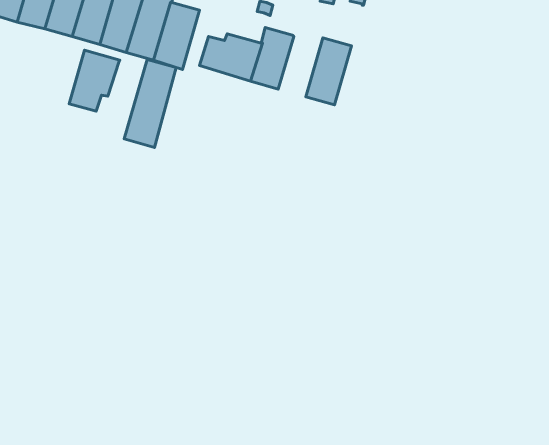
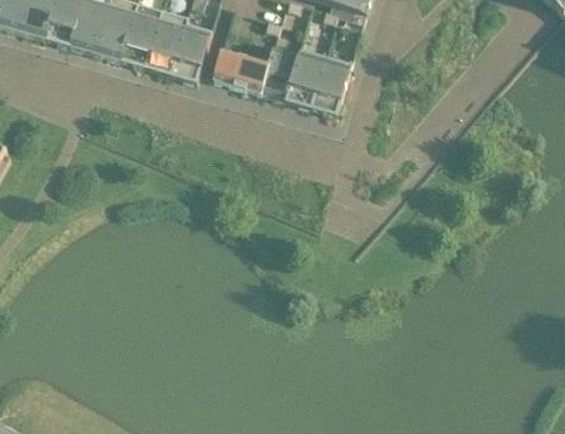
building: none -> [283,47,324,109]
building: [69,50,120,111] -> none
building: [124,60,176,147] -> none

